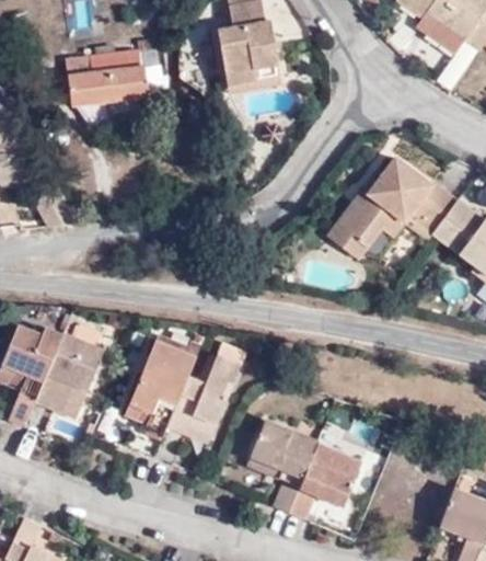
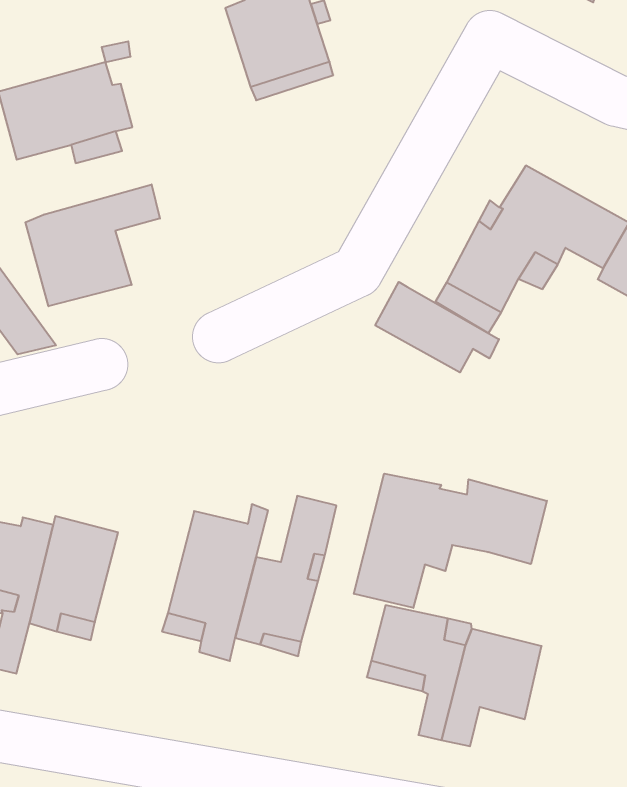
building: none -> [25,184,160,306]
building: none -> [375,282,499,372]
building: none -> [354,474,547,608]

